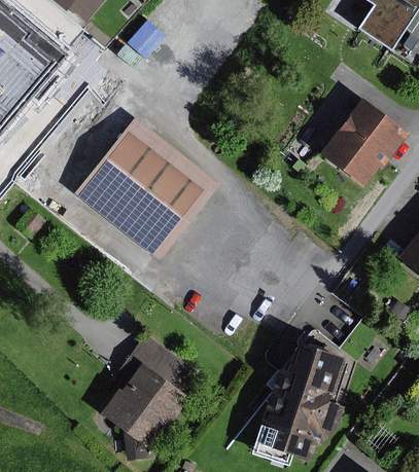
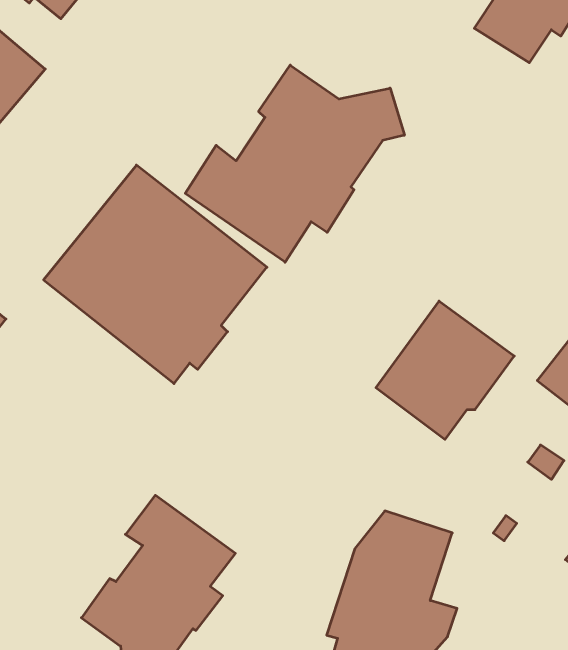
building: none -> [185,65,404,262]
building: [318,97,409,187] -> [376,301,514,439]

